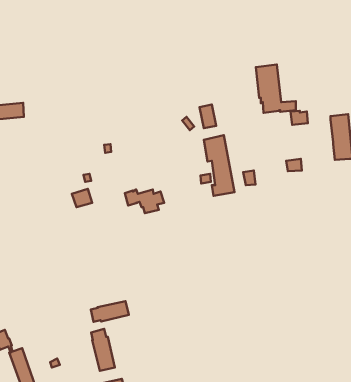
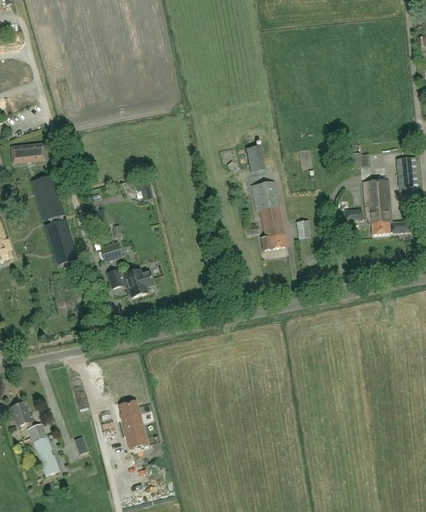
building: [256,64,296,113] -> [363,179,409,234]
building: none -> [37,176,76,264]
building: [125,190,164,213] -> [108,269,153,296]
building: [91,301,129,322] -> none

